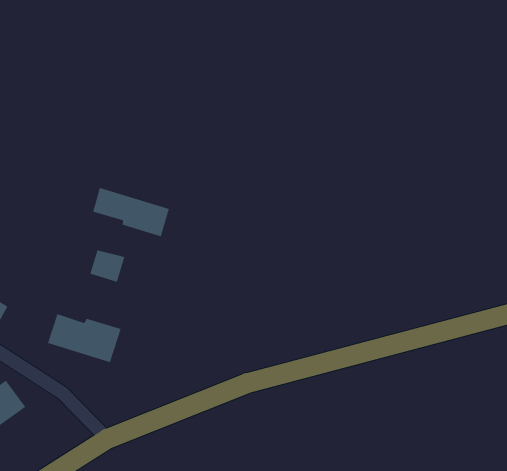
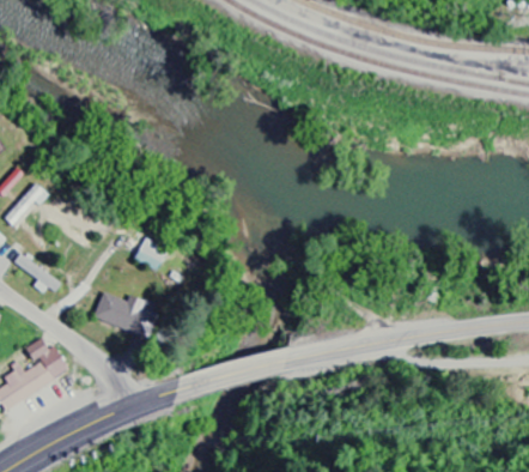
building: [93,187,169,237] -> none

